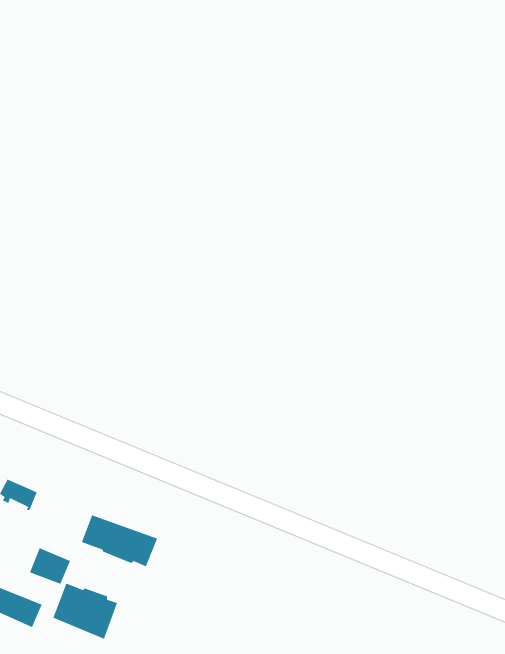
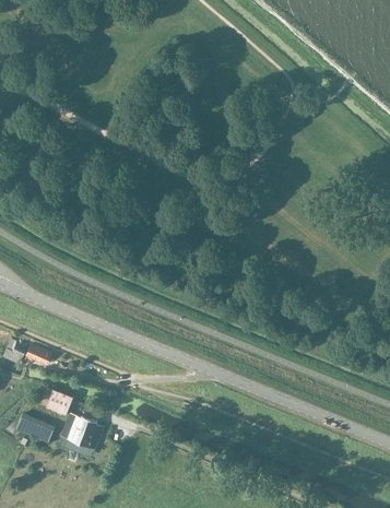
building: [81,515,158,567] -> none

